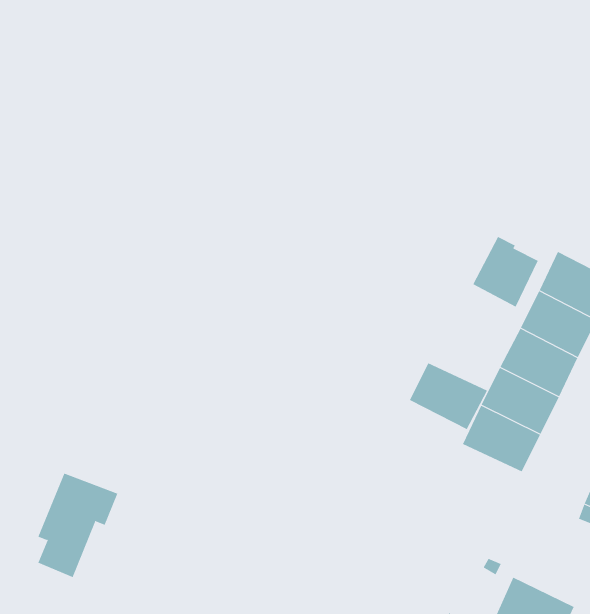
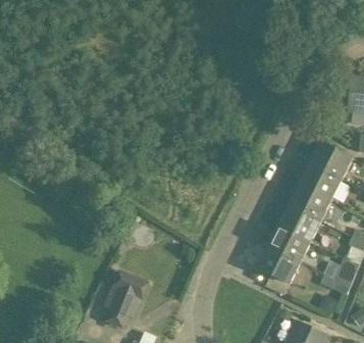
building: [473,236,539,307] -> none
building: [409,363,488,430] -> [258,246,301,283]
building: [38,473,118,578] -> [102,270,146,327]

